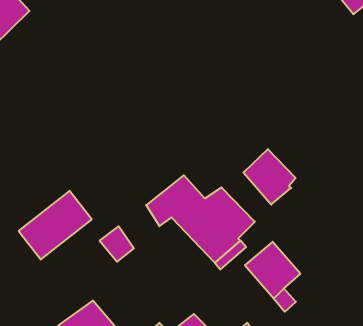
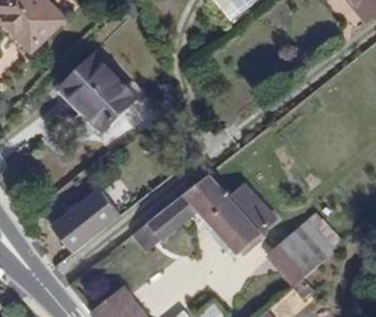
building: none -> [60,55,135,129]
building: [243,149,296,205] -> [290,212,339,264]
building: none -> [146,200,186,240]

